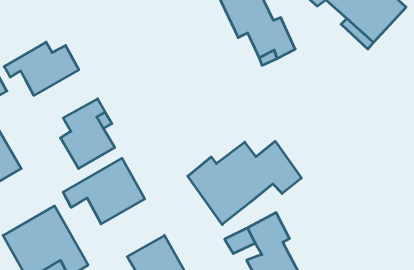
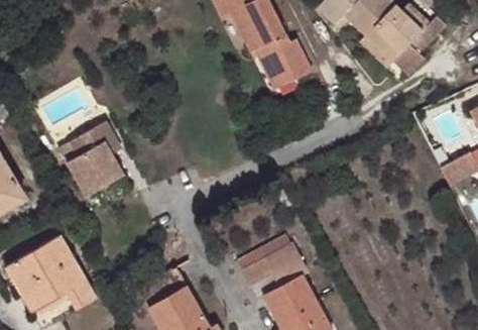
building: [4,42,79,95] -> none
building: [188,141,301,225] -> none
building: [63,158,145,224] -> none

